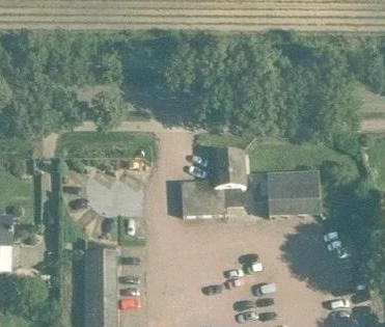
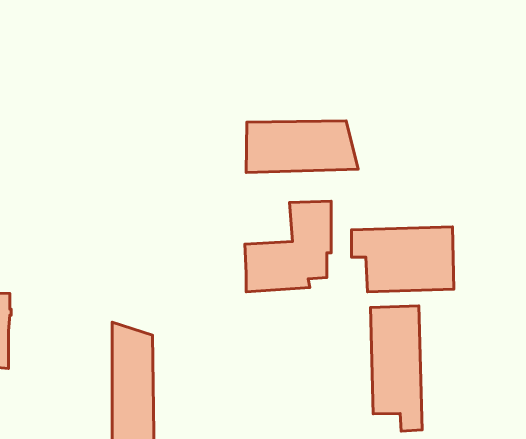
building: none -> [246,121,358,173]
building: none -> [371,306,422,431]

